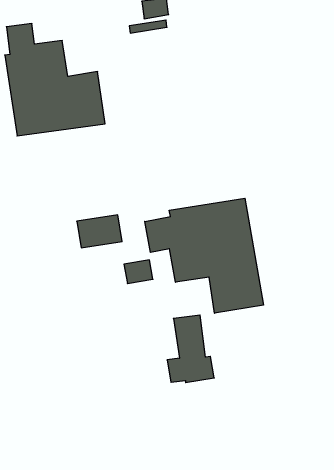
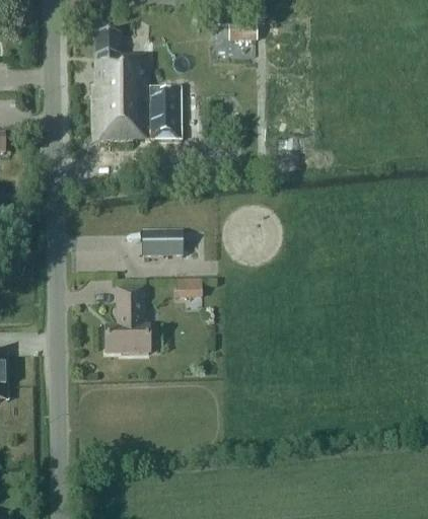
building: [145,198,263,313] -> none
building: [167,315,214,383] -> [105,290,149,354]

